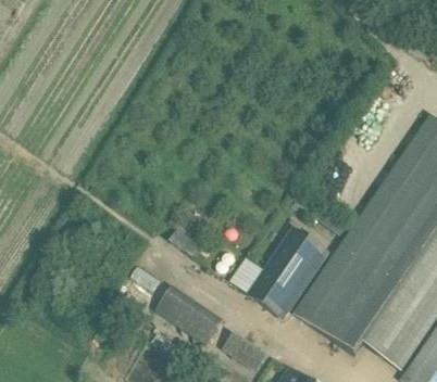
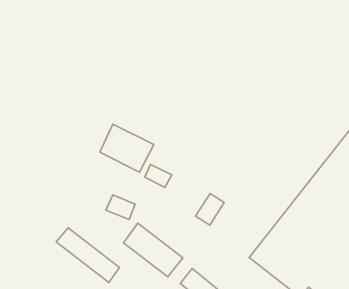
building: none -> [100,124,154,172]
building: [248,229,329,319] -> none
building: none -> [56,228,119,282]

